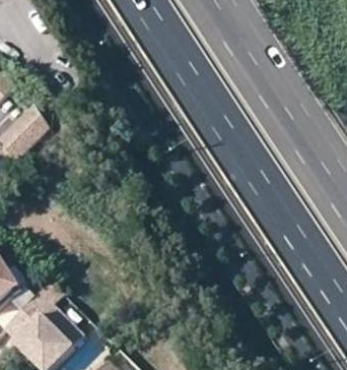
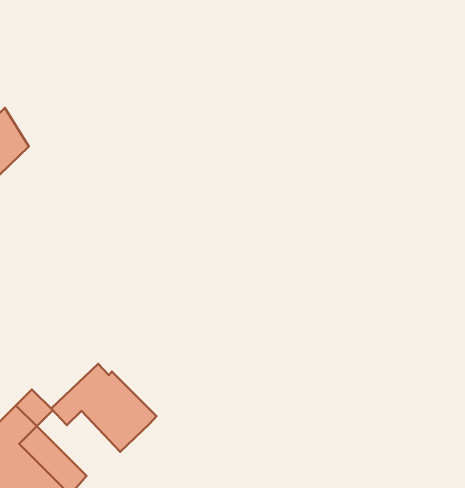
building: none -> [51,364,156,452]

